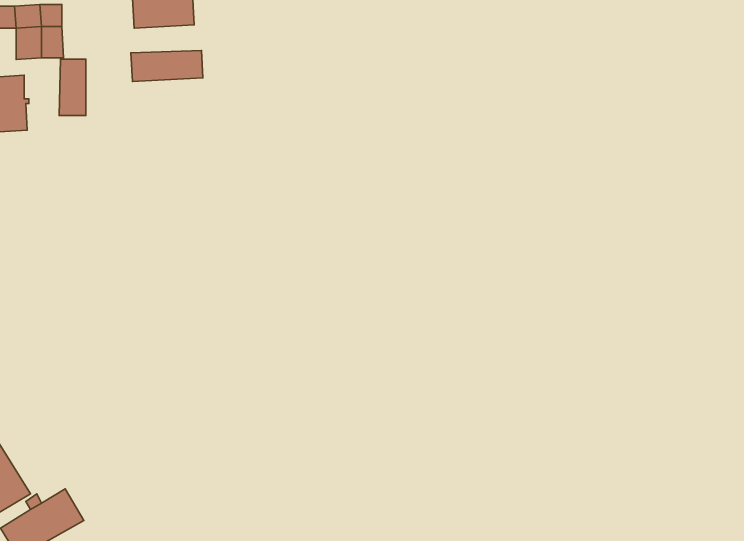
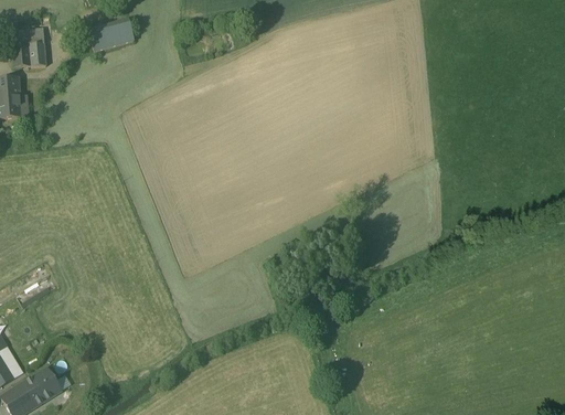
building: [131,50,203,82] -> none
building: [59,59,86,116] -> none

